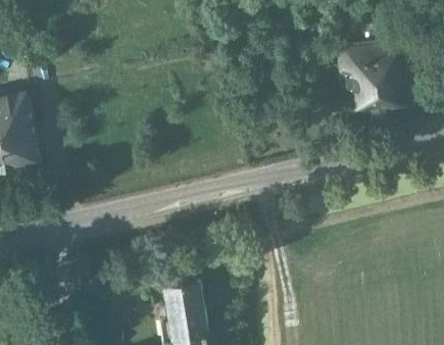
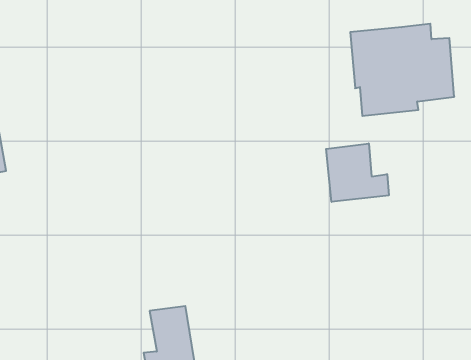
building: none -> [326,143,389,202]

